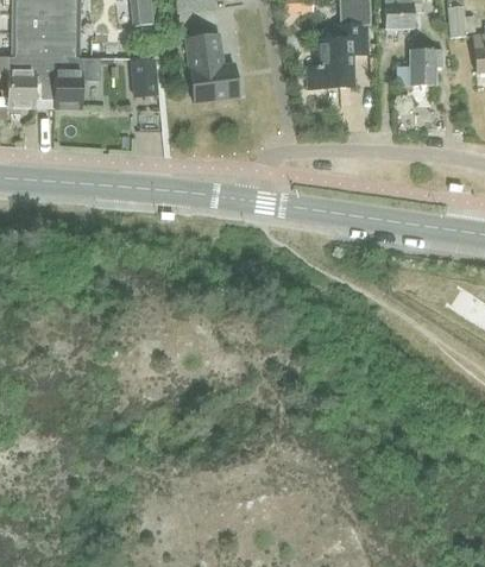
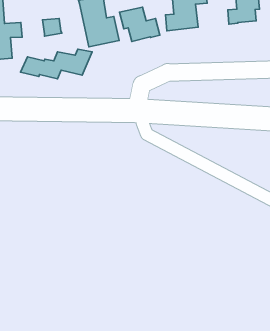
building: none -> [120,7,160,42]
building: none -> [21,49,92,79]

